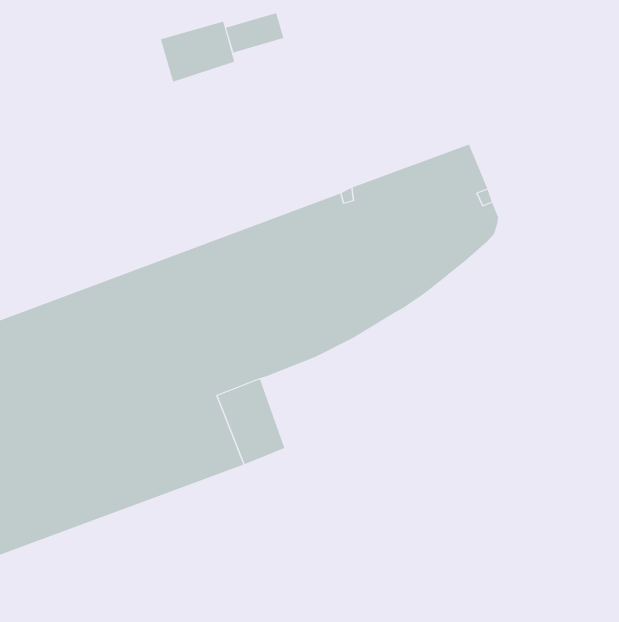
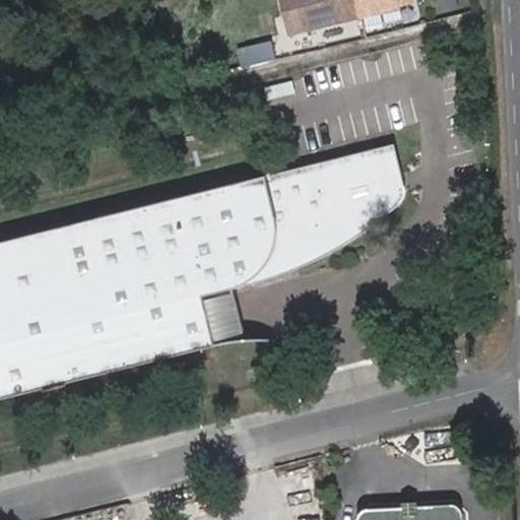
building: [160,21,235,82] -> none

